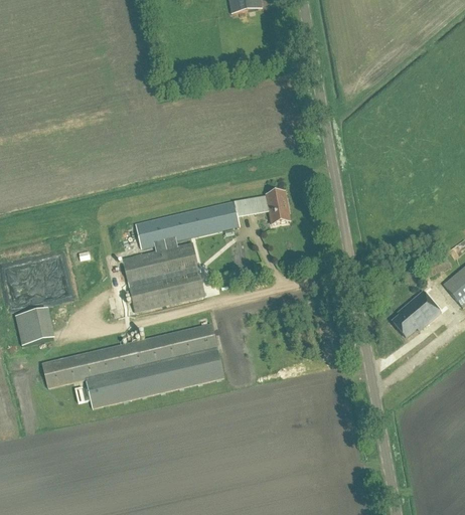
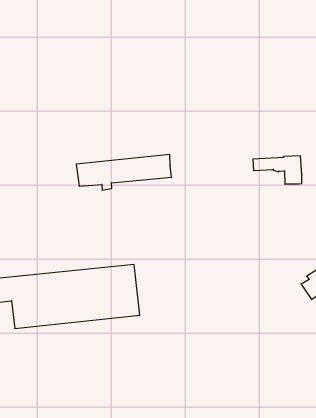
building: [235,191,290,223] -> [253,156,302,184]
building: [123,242,205,311] -> none

